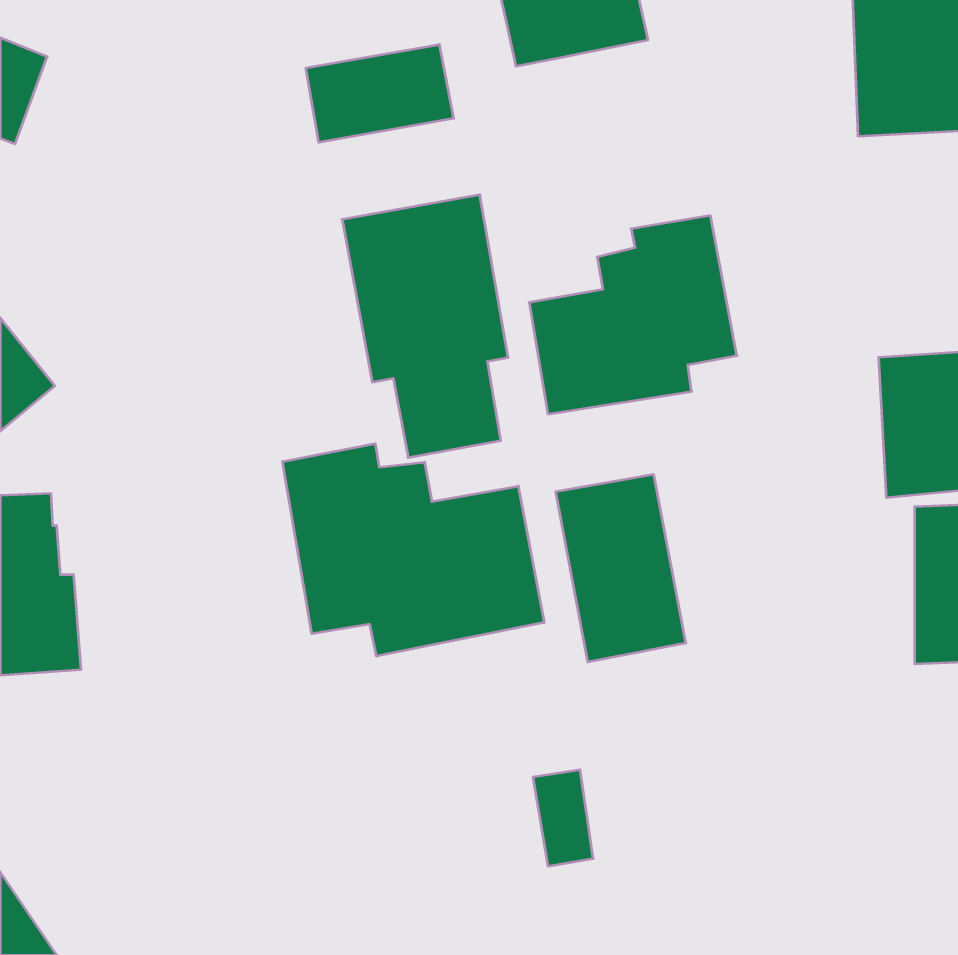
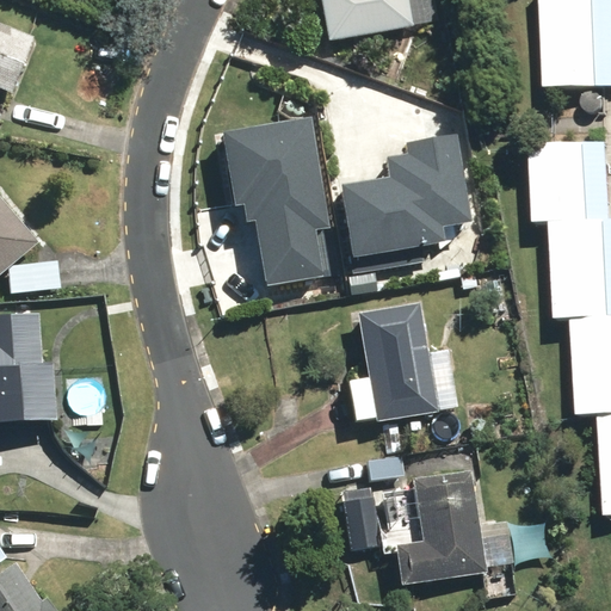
building: [306,44,454,142] -> none
building: none -> [544,138,597,215]
building: [283,444,544,656] -> none
building: none -> [391,467,489,585]

